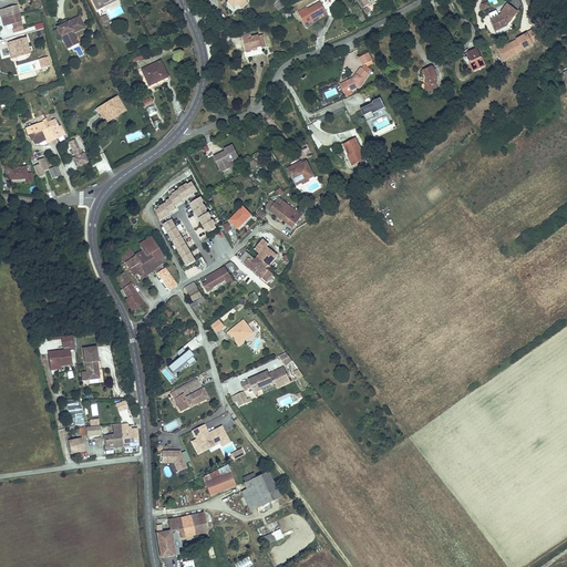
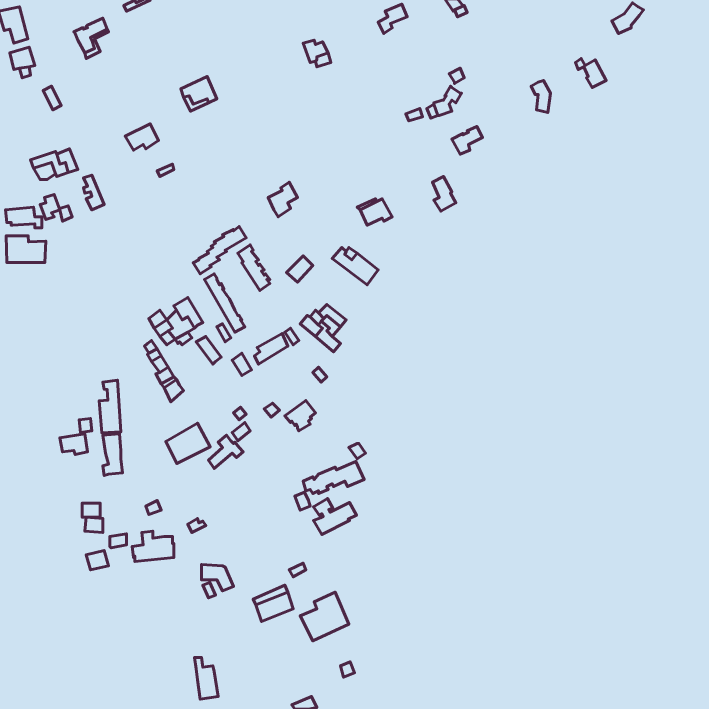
building: none -> [6,236,46,263]
building: none -> [99,380,121,433]
building: [171,379,206,411] -> [166,423,210,464]
building: [192,423,226,452] -> [313,498,357,535]
building: [167,513,206,537] -> none

